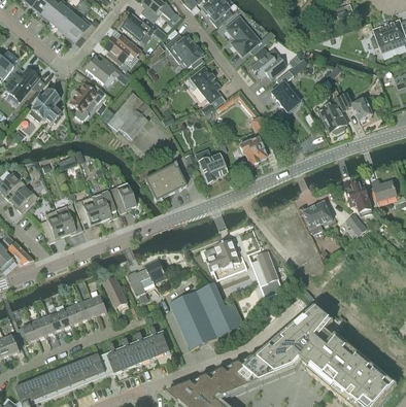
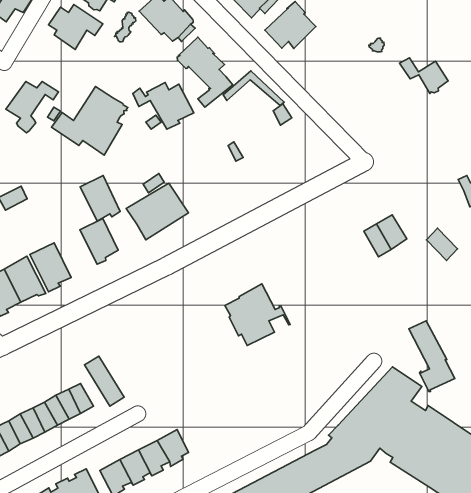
building: [84,58,120,82] -> none
building: [271,58,307,112] -> none
building: [319,97,347,134] -> none
building: [239,137,265,165] -> none
building: [185,150,226,182] -> [133,83,194,129]
building: [348,182,373,214] -> none
building: [92,190,117,221] -> [80,175,120,221]
building: [256,249,283,298] -> [409,321,455,392]
building: [127,258,167,296] -> none
building: [170,281,244,348] -> none

